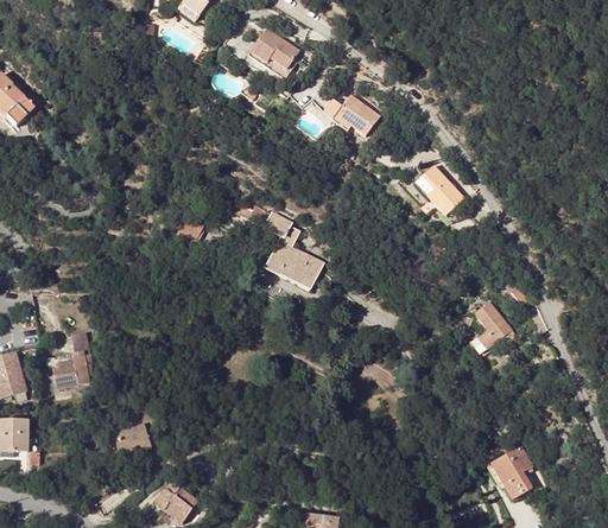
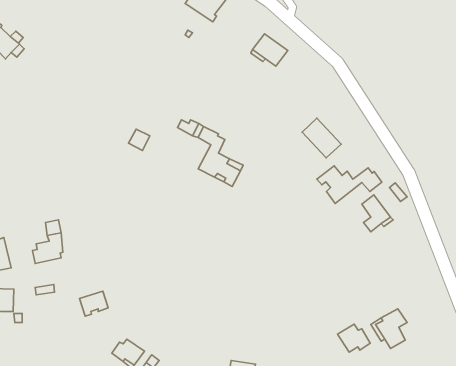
building: [412,165,462,216] -> [302,118,341,158]
building: none -> [317,166,382,203]
building: none -> [338,324,370,352]

